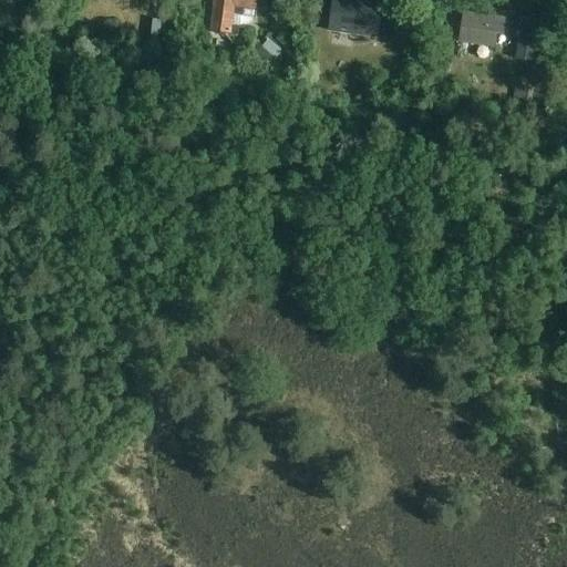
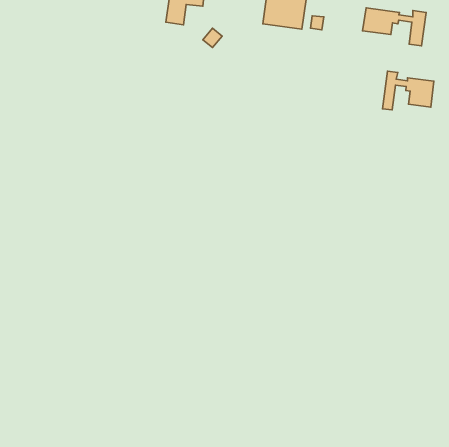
building: none -> [382,71,434,110]

